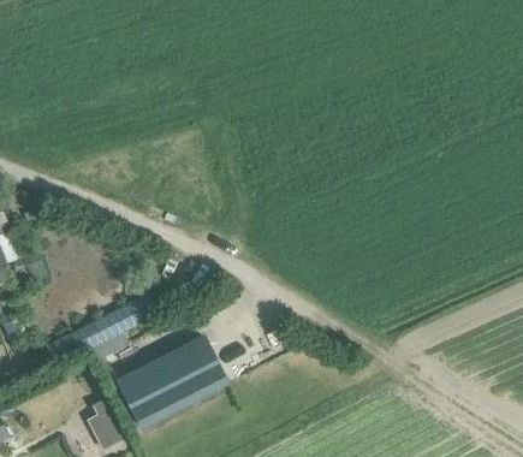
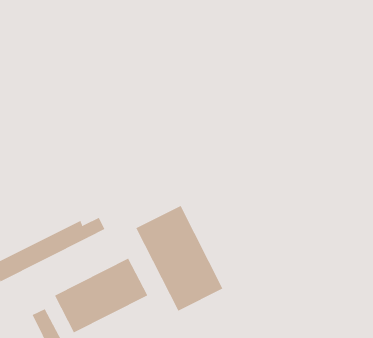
building: none -> [136,205,223,311]

